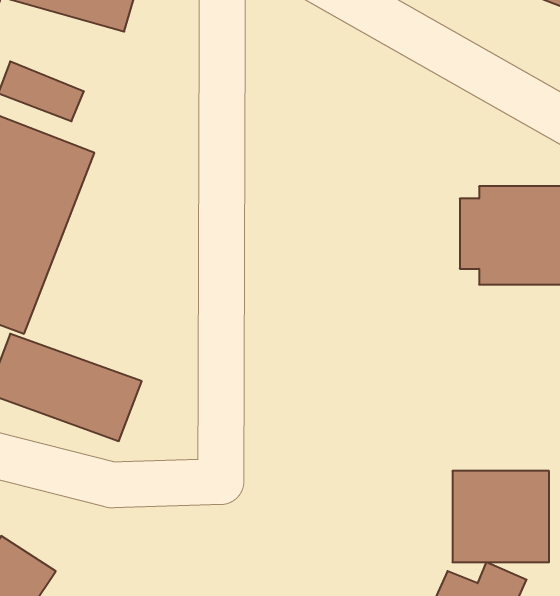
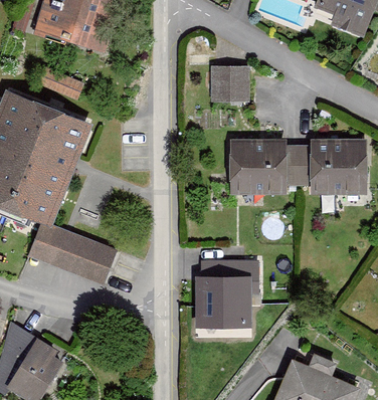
building: none -> [211,65,249,101]
building: none -> [229,138,299,194]
building: [452,471,549,562] -> [196,274,251,327]

